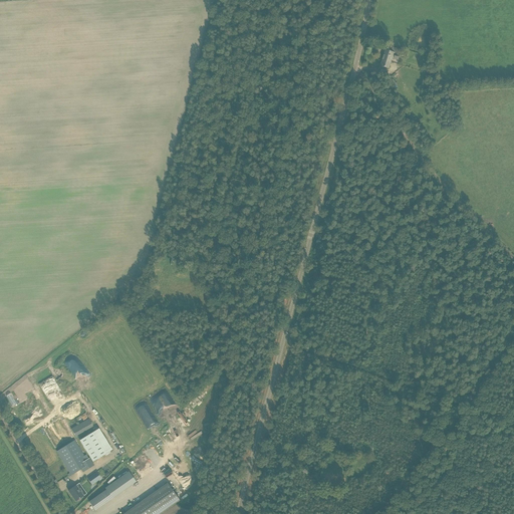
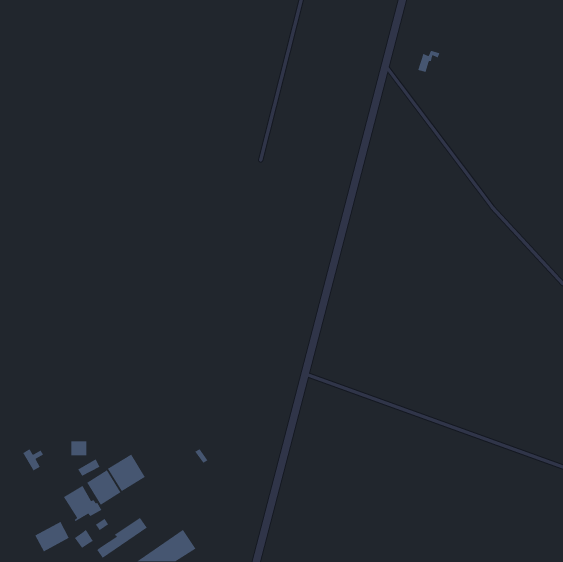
building: none -> [107,453,146,492]
building: none -> [34,521,70,553]

